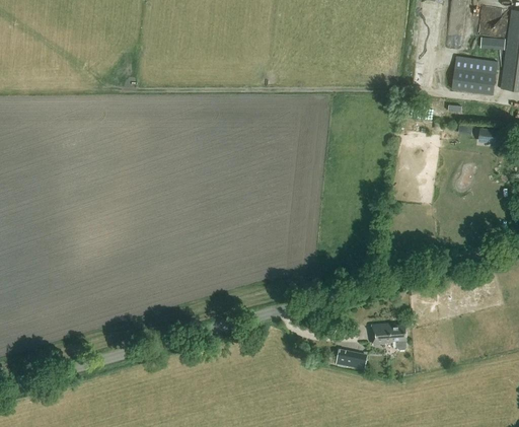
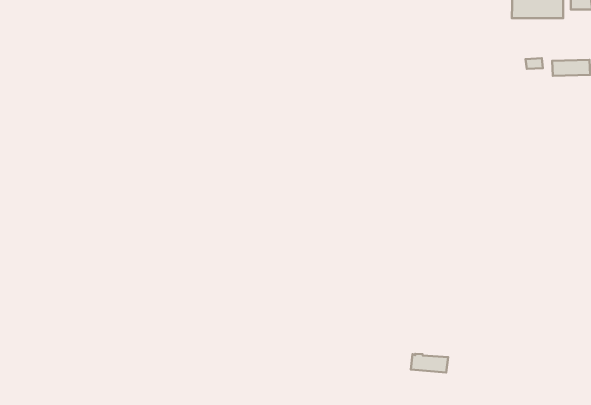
building: [371,324,406,349] -> none

